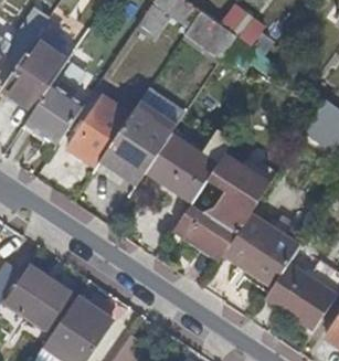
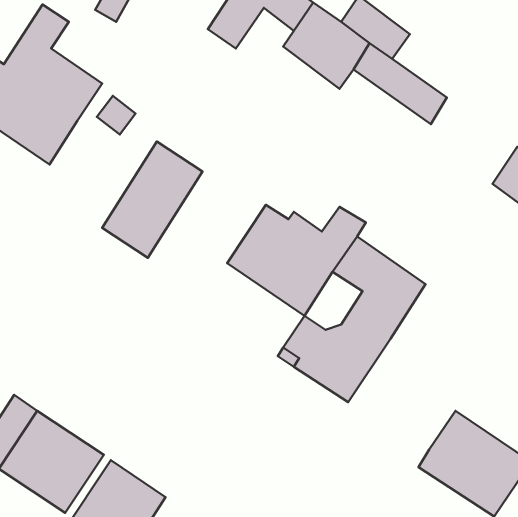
building: [23,81,83,144] -> none
building: [100,102,173,182] -> none
building: [221,217,296,287] -> none

